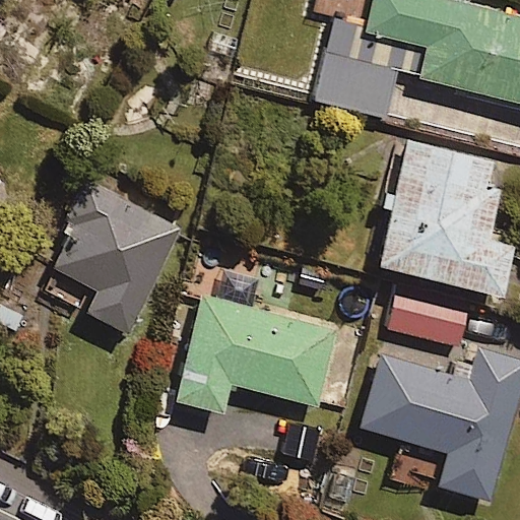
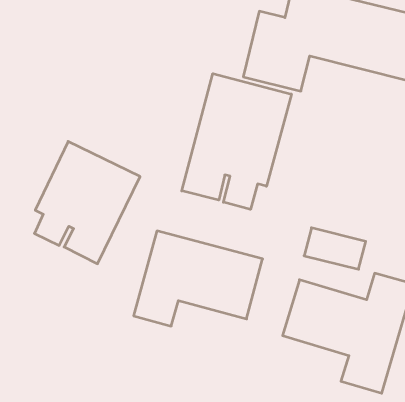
building: none -> [182,74,291,209]
building: [377,139,513,299] -> none

